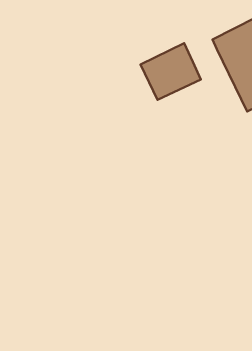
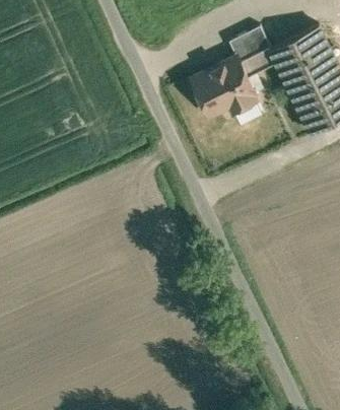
building: none -> [233,28,277,75]

